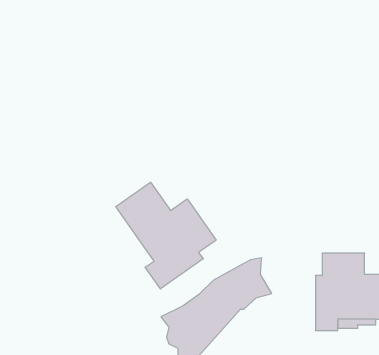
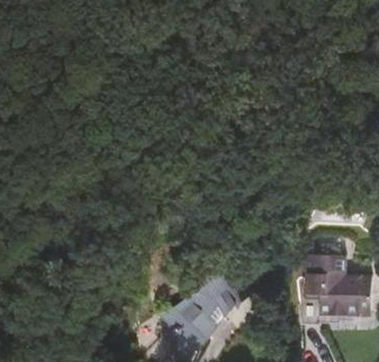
building: [116,182,216,289] -> none

